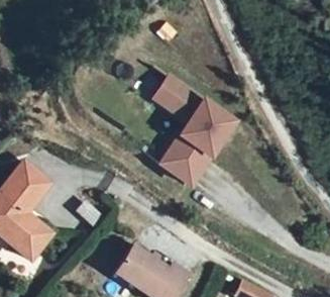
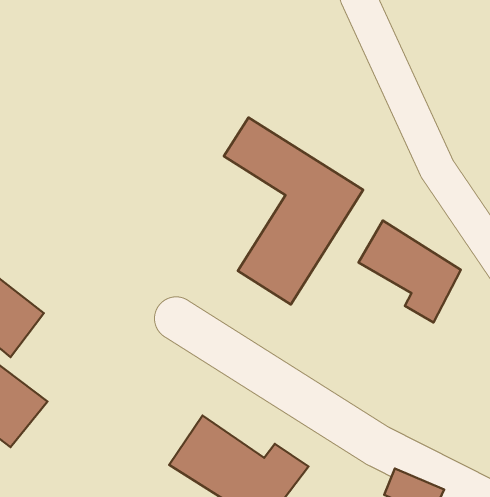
building: none -> [358,221,461,323]

